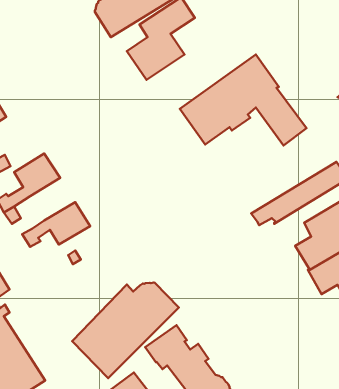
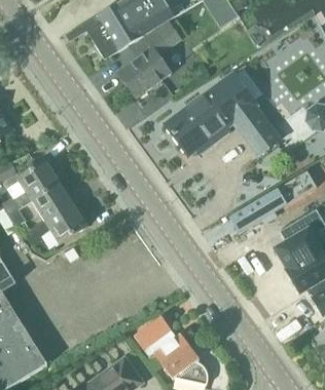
building: none -> [33,184,73,222]
building: [72,282,179,378] -> none

